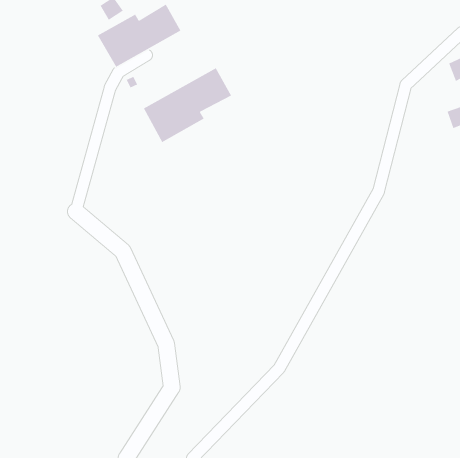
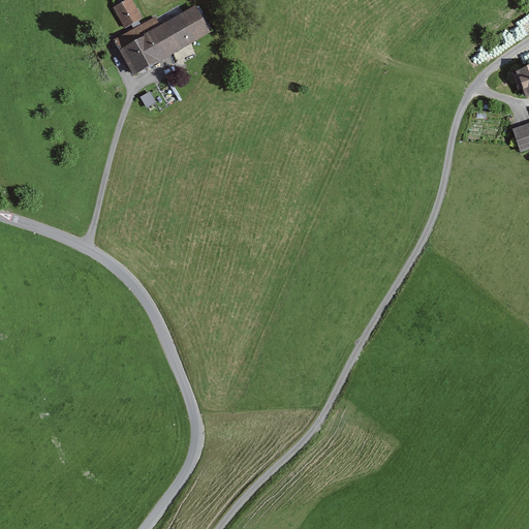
building: [143,67,232,143] -> none

